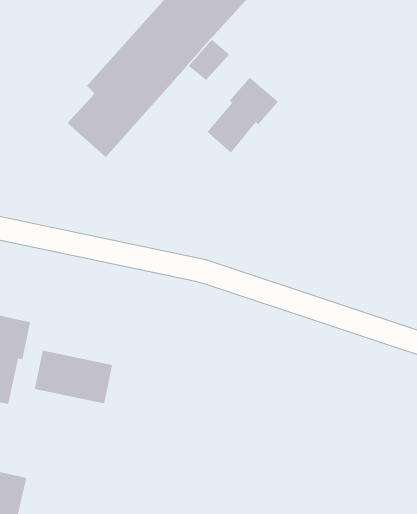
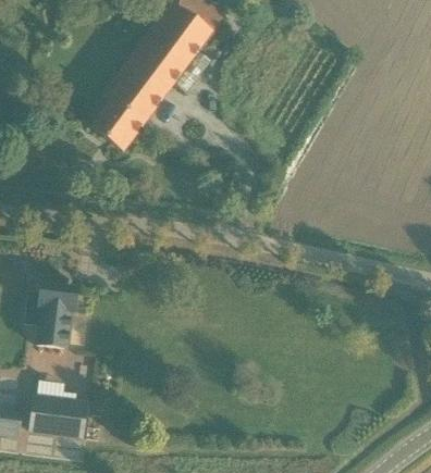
building: [207,77,279,154] -> none
building: [34,350,113,404] -> none

